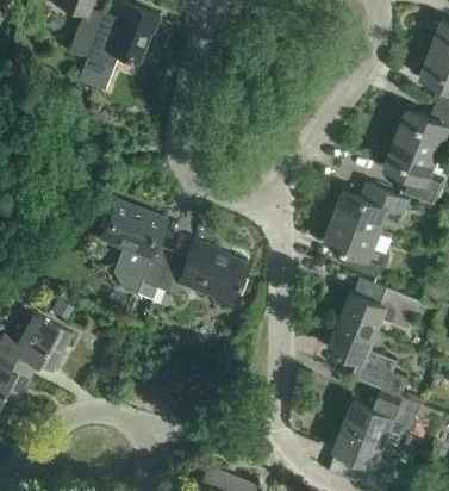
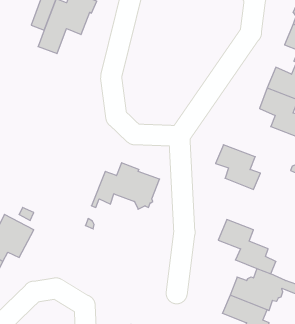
building: [333,185,406,234] -> none
building: [99,200,170,302] -> none
building: [338,278,419,335] -> none

